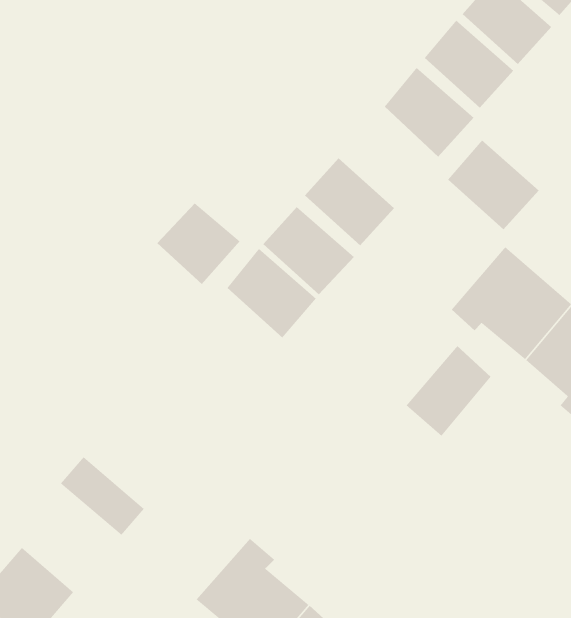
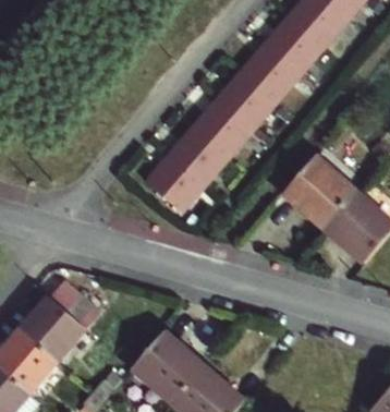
building: [447,140,540,230] -> [218,75,273,130]
building: [156,203,240,285] -> none
building: [405,345,492,437] -> none
building: none -> [25,296,85,363]

